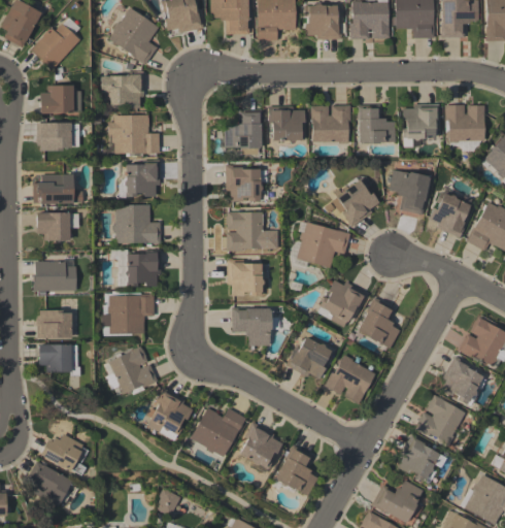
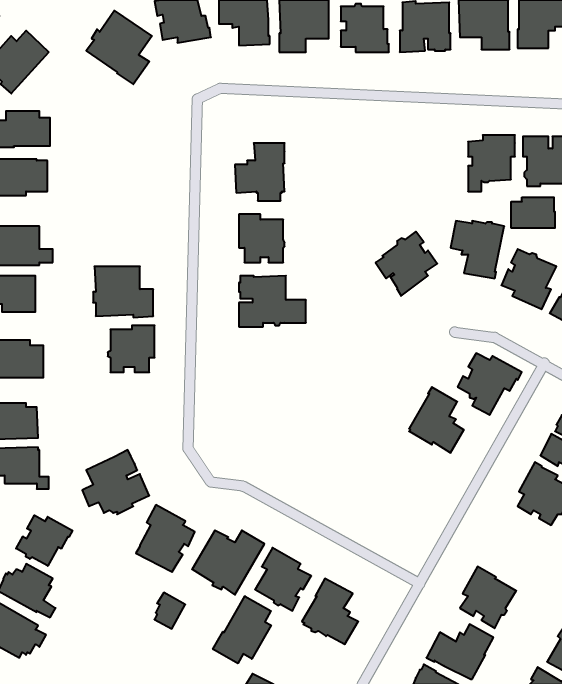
building: [101,72,144,108] -> none
building: [311,105,350,144] -> none
building: [357,105,396,143] -> none
building: [269,106,305,142] -> none
building: [108,116,160,155] -> none
building: none -> [511,197,555,228]
building: [125,163,160,197] -> none
building: [297,223,350,268] -> none
building: [228,260,264,296] -> none
building: [319,280,369,328] -> [458,353,522,415]
building: [102,294,155,334] -> none
building: [232,308,278,346] -> none
building: [287,337,335,380] -> none
building: [325,355,375,405] -> none
building: [414,395,465,446] -> none
building: none -> [16,515,72,566]
building: none -> [213,596,271,663]
building: [158,489,181,517] -> [154,593,185,629]

